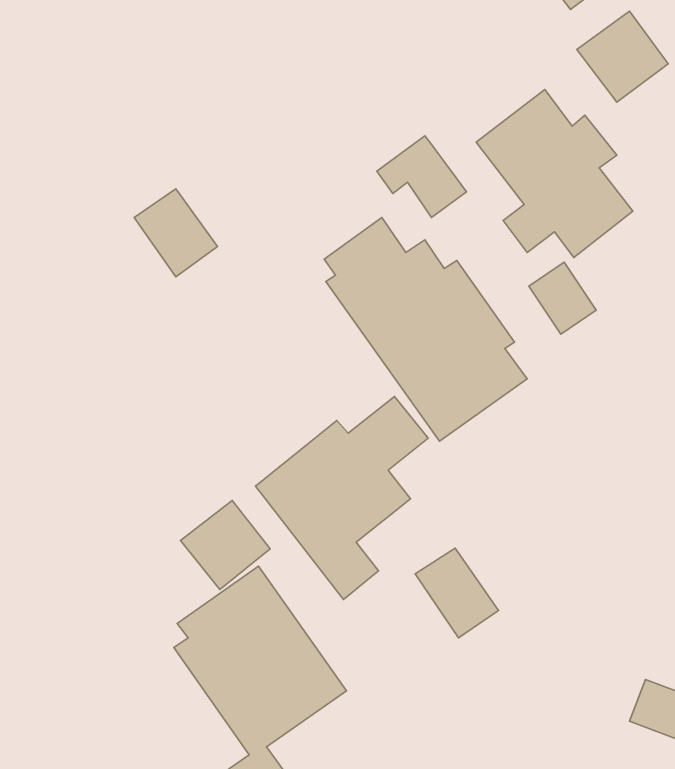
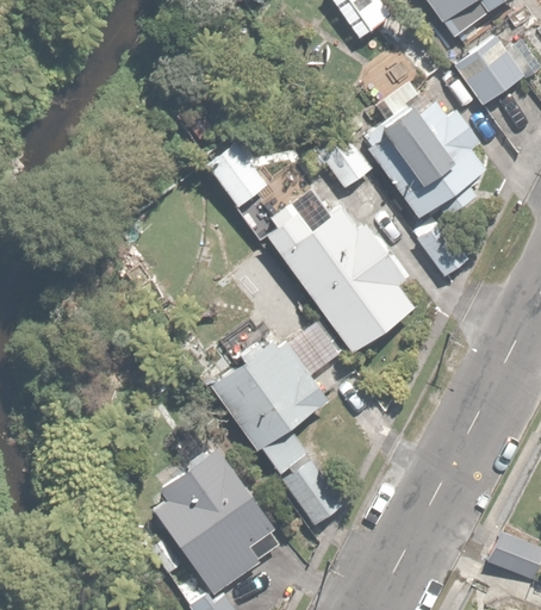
building: [134,189,217,277] -> [205,143,267,208]
building: [180,500,270,589] -> none
building: [415,548,498,638] -> [282,458,344,524]

